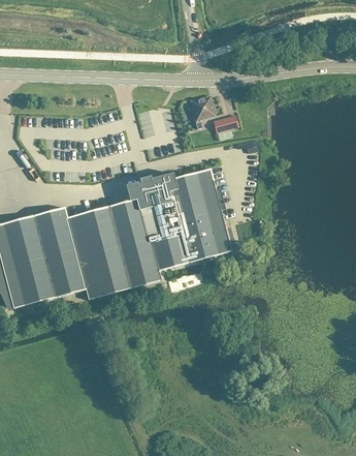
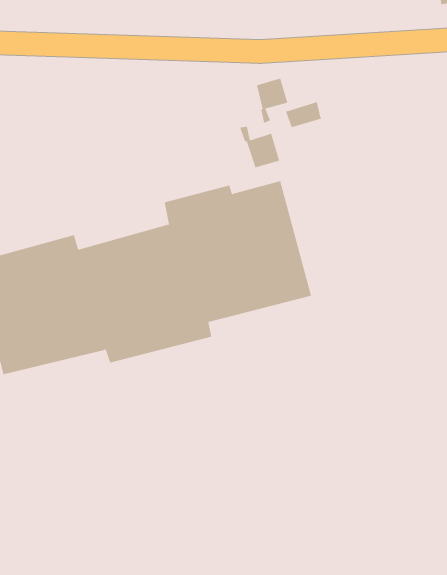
building: none -> [239,126,280,168]

